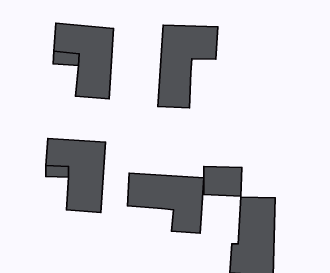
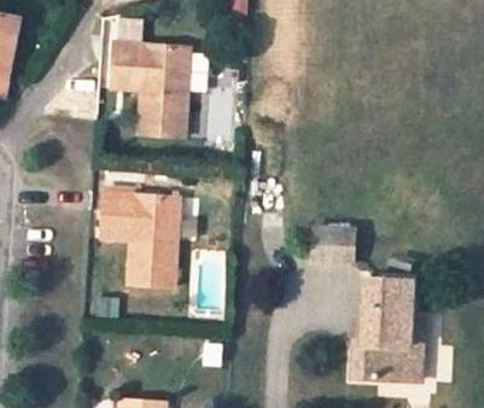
building: [158,25,218,108] -> none
building: [127,173,204,233] -> none

